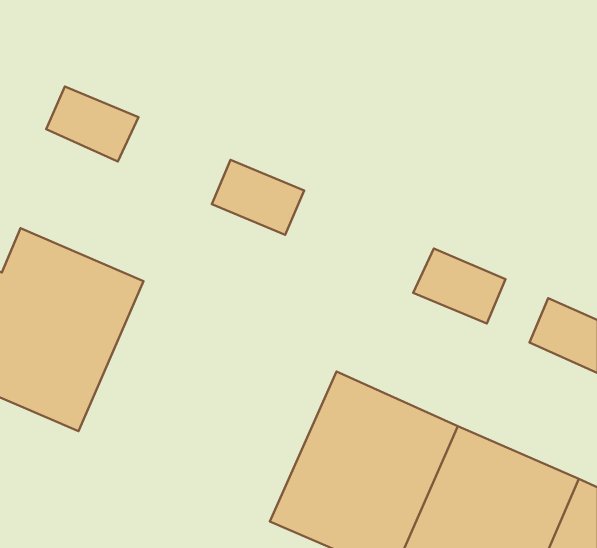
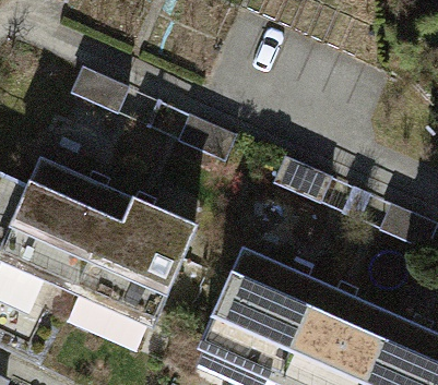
building: none -> [87,196,206,326]

